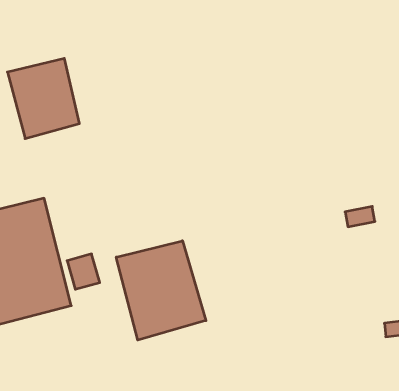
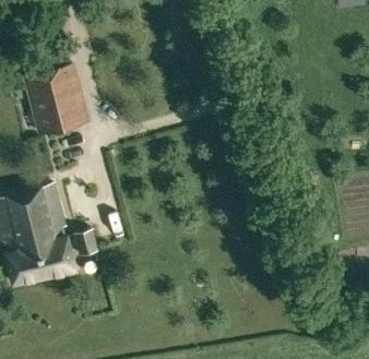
building: [116,241,206,340] -> none

